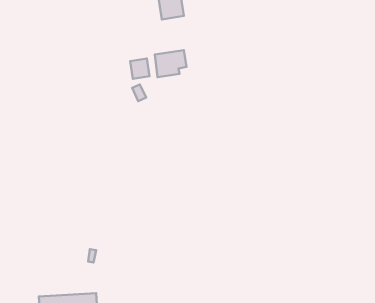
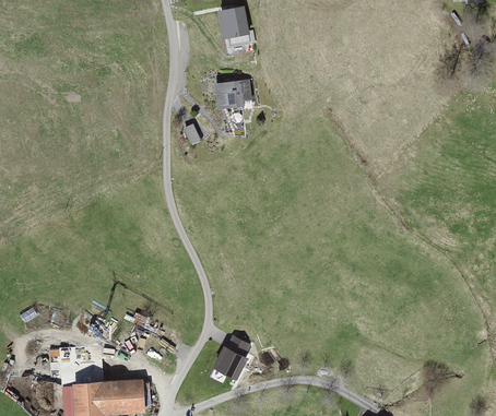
building: [130,58,150,79] -> none
building: none -> [214,334,255,378]

